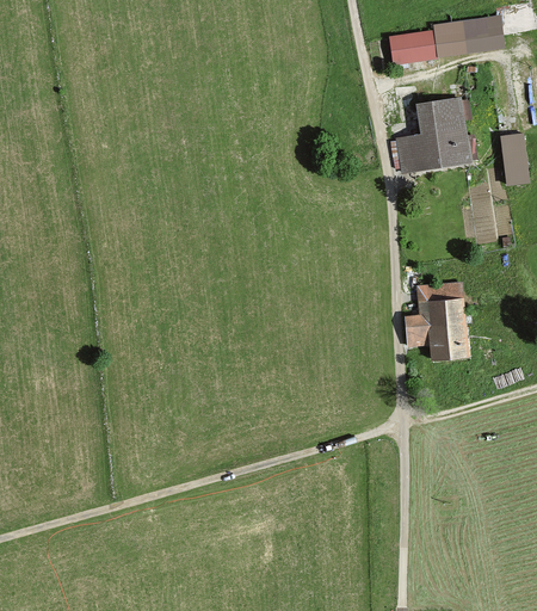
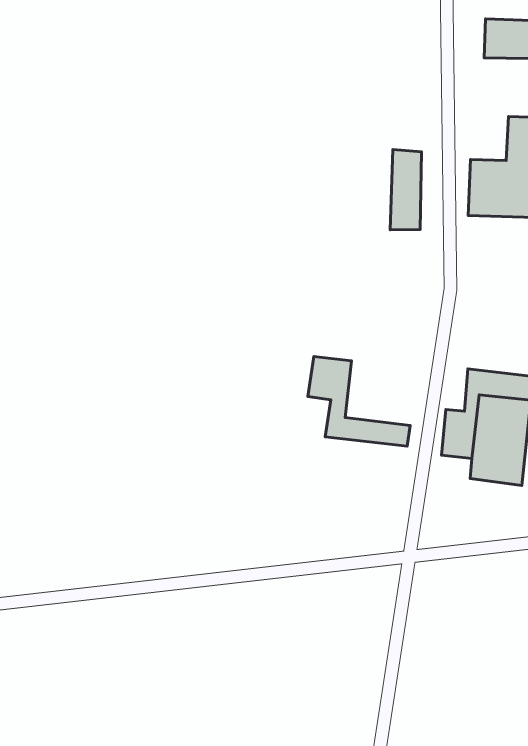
building: none -> [390,150,422,230]
building: none -> [308,356,410,446]

